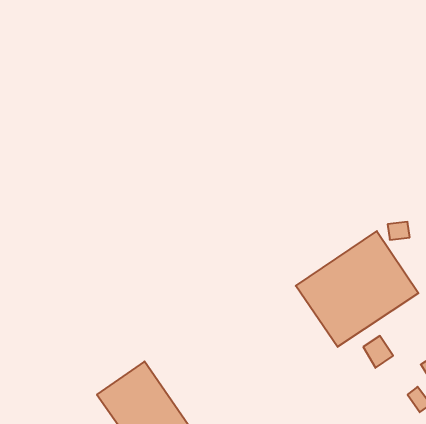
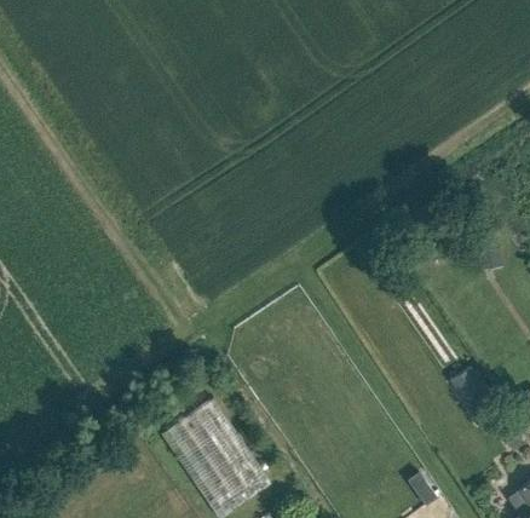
building: [296,231,418,347] -> none

